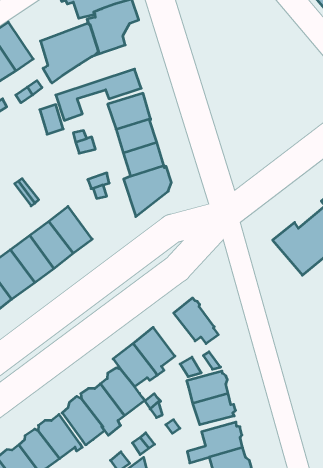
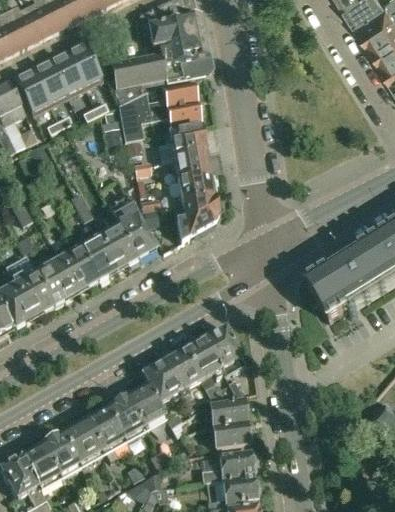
building: none -> [118,81,198,116]
building: none -> [110,195,156,257]
building: none -> [184,337,224,378]

